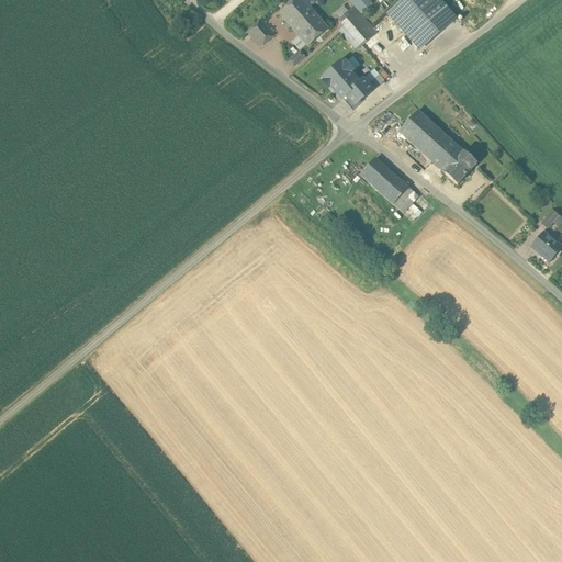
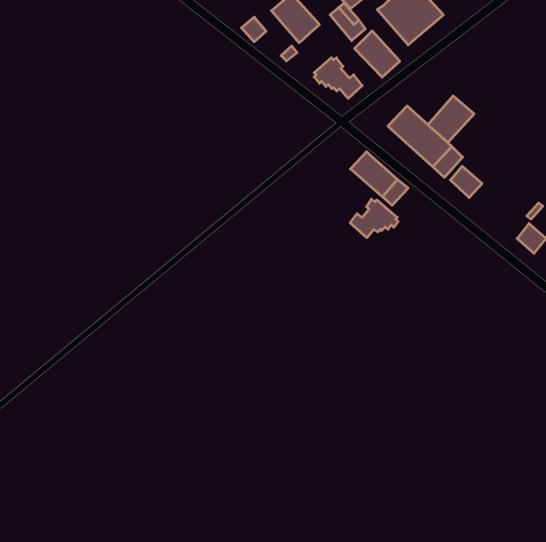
building: none -> [355,31,400,77]
building: none -> [428,96,474,143]
building: none -> [450,166,482,198]
building: none -> [350,199,398,238]

